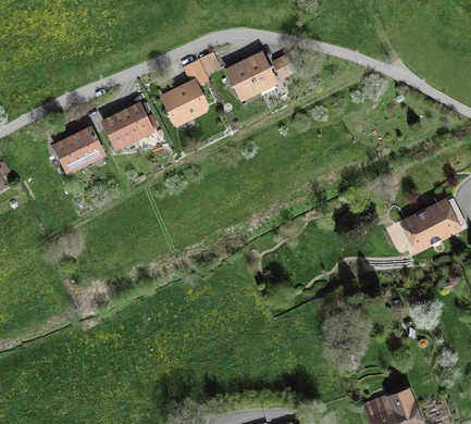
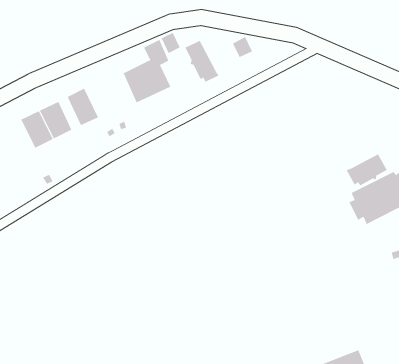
building: [241,49,278,92] -> none
building: [120,100,156,141] -> none
building: none -> [346,154,388,186]

